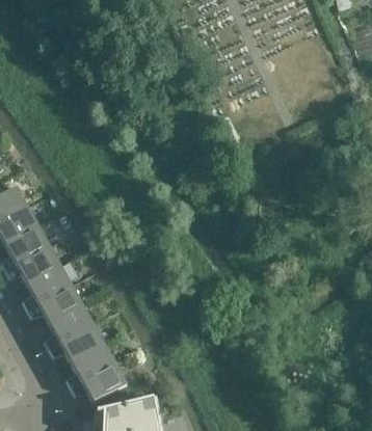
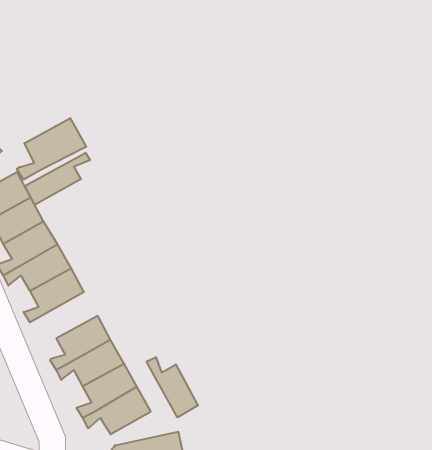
building: none -> [17,118,86,180]
building: none -> [25,153,90,205]
building: [27,285,83,323] -> none
building: none -> [147,357,198,417]

